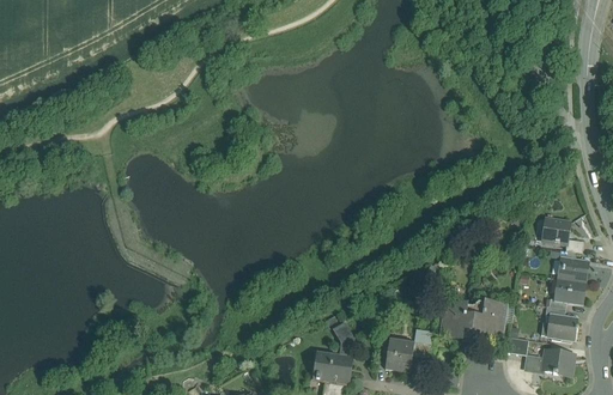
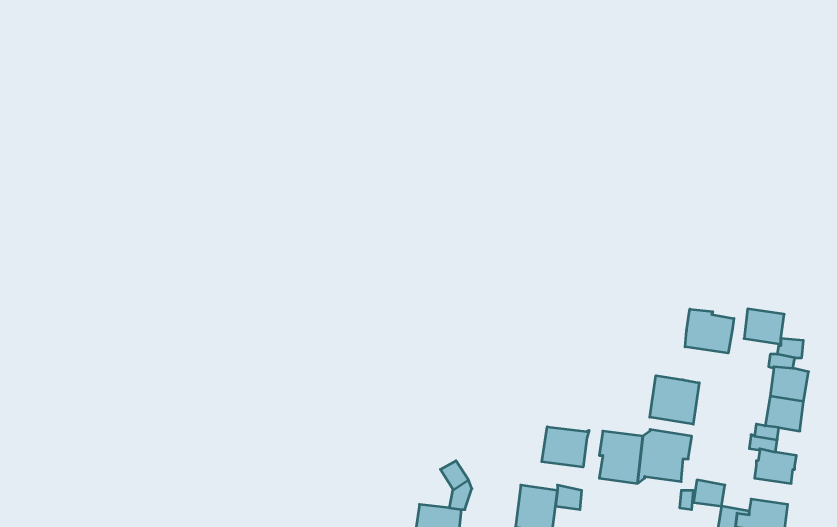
building: none -> [685,309,734,353]
building: none -> [650,376,699,424]
building: none -> [542,427,589,467]

